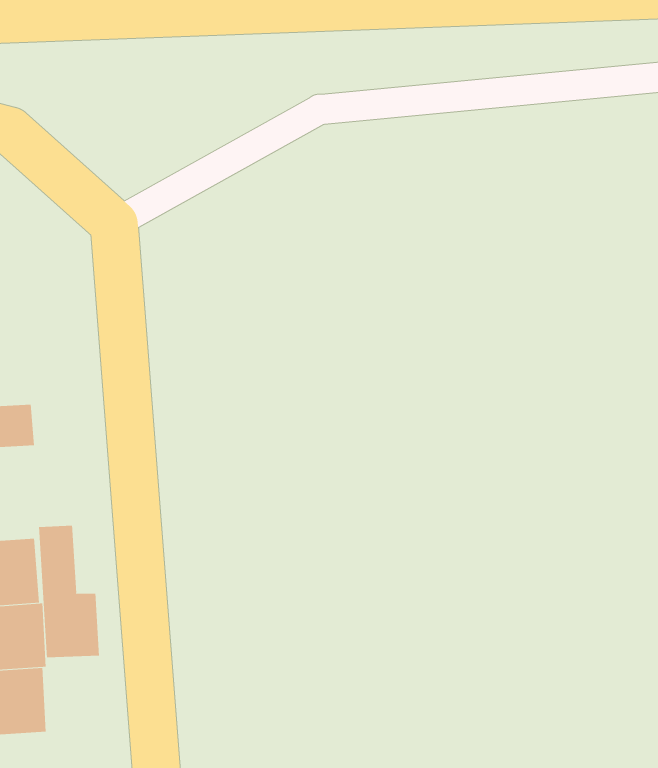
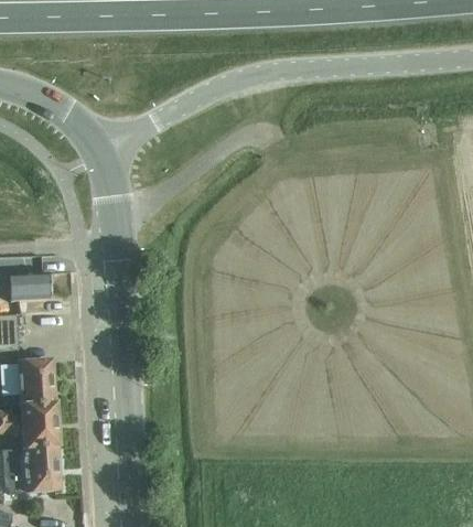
building: [39,525,100,658] -> none

